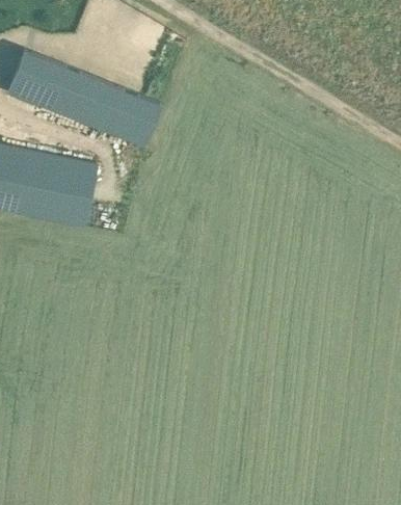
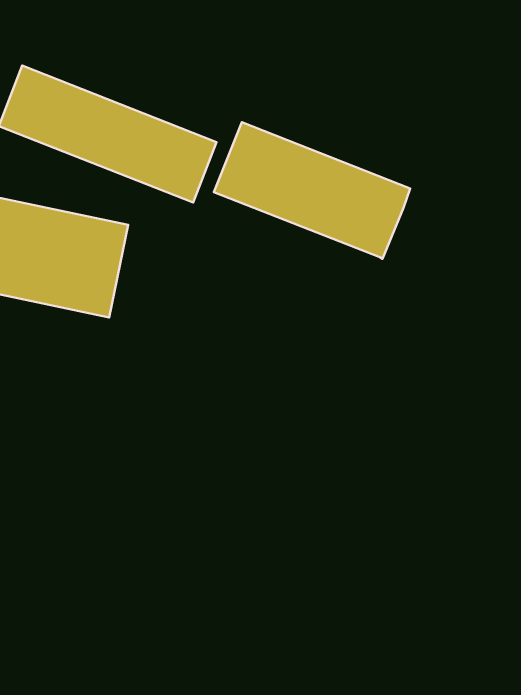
building: none -> [214,122,410,259]

